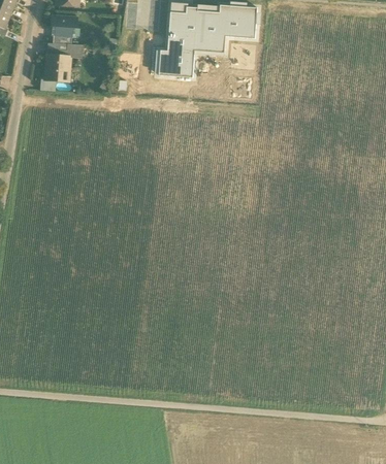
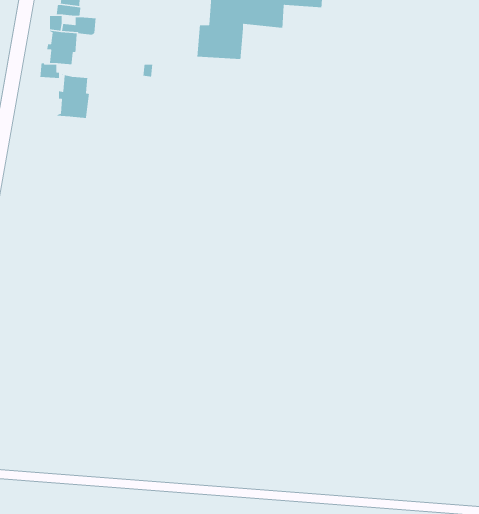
building: none -> [57,73,90,119]

